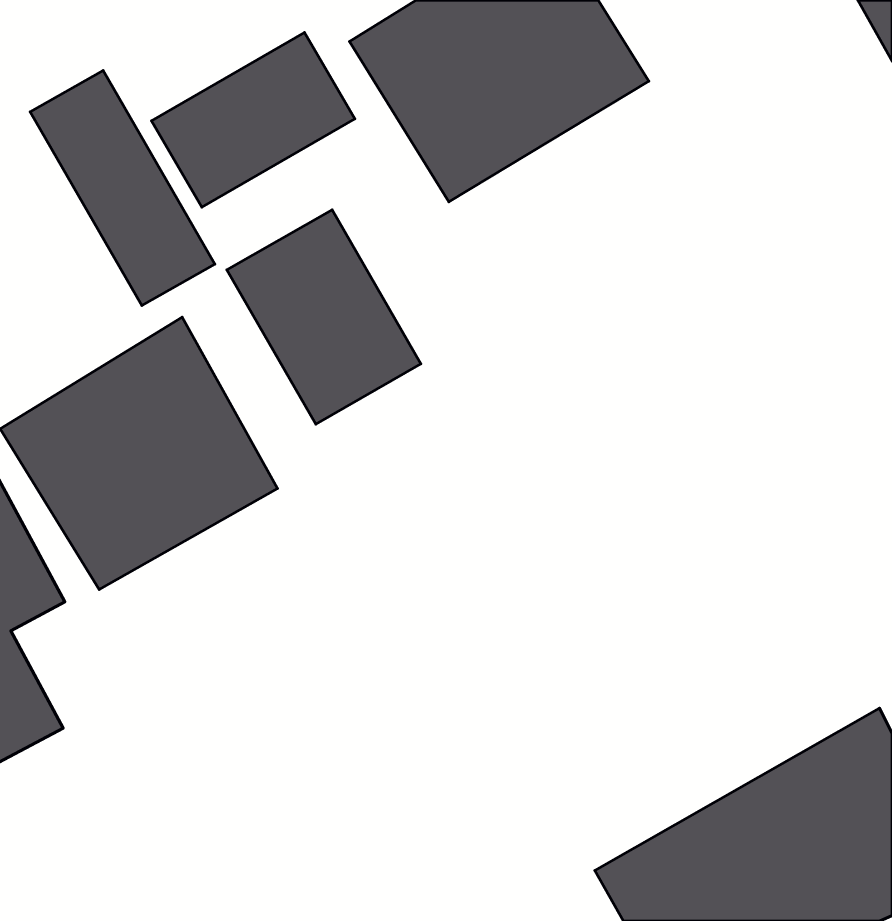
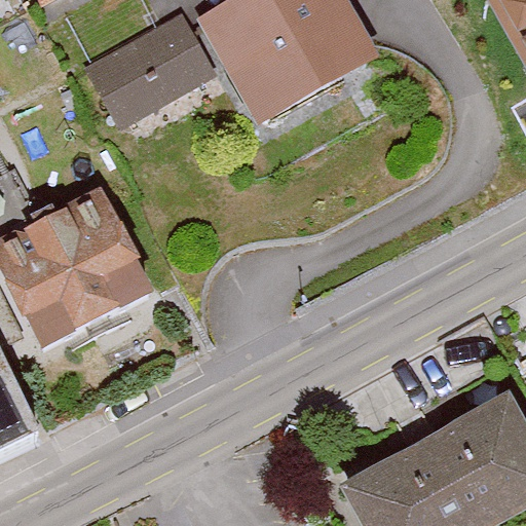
building: [30,70,215,305] -> none
building: [227,210,421,424] -> none

